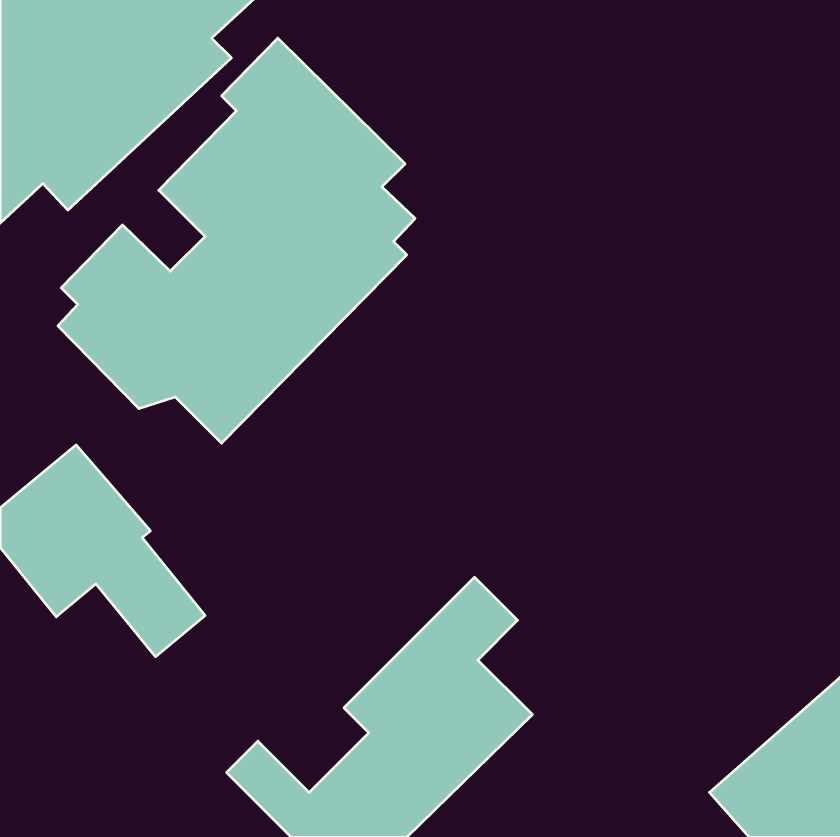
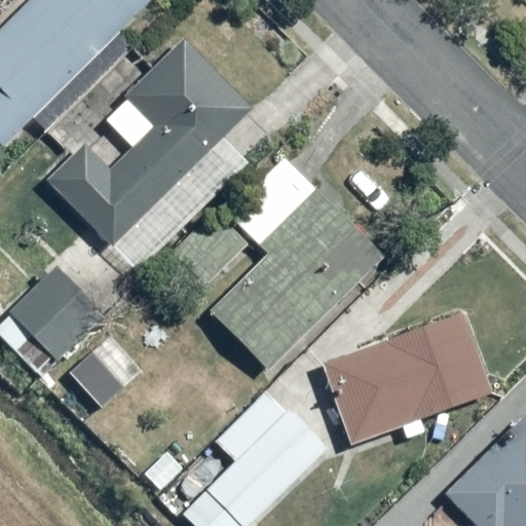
building: none -> [202,150,389,372]
building: none -> [320,310,491,444]

